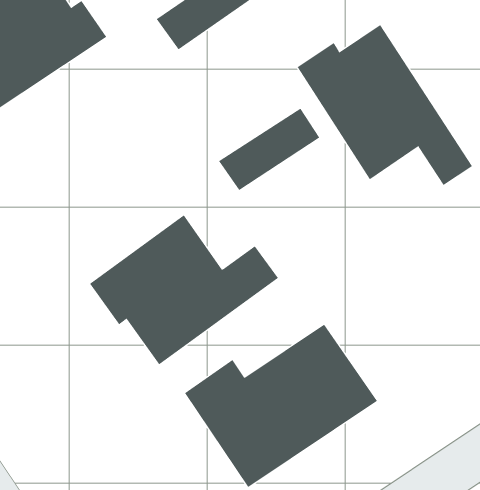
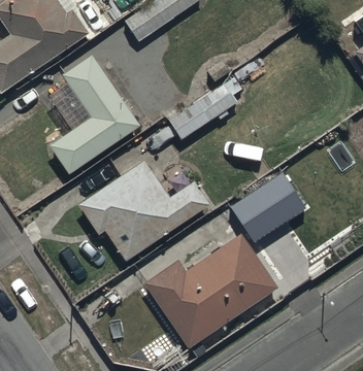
building: [297,24,473,186] -> none
building: none -> [48,56,139,173]
building: none -> [234,186,297,242]

